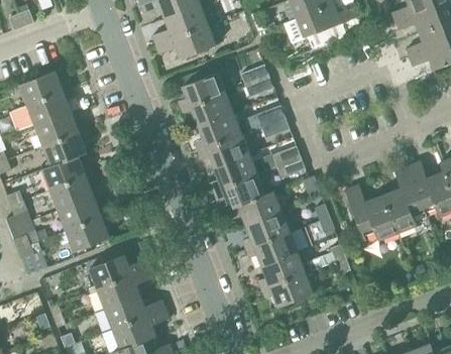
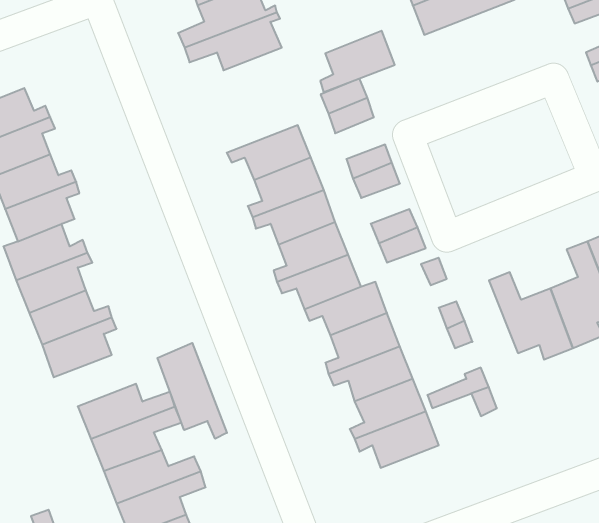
building: [180,73,226,111] -> [320,31,395,92]
building: none -> [157,343,227,439]

